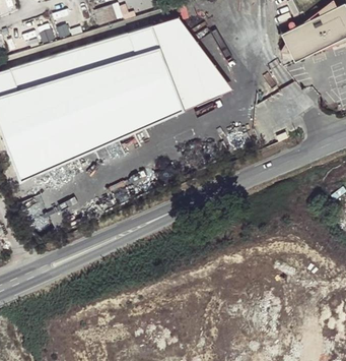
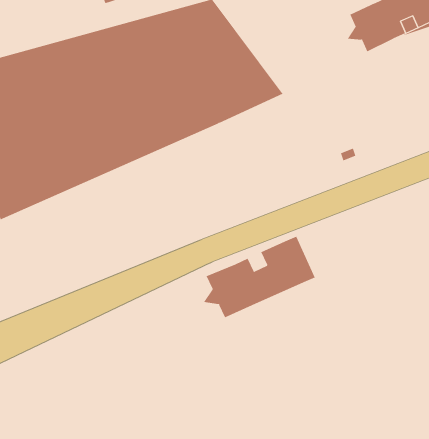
building: none -> [203,236,316,318]

